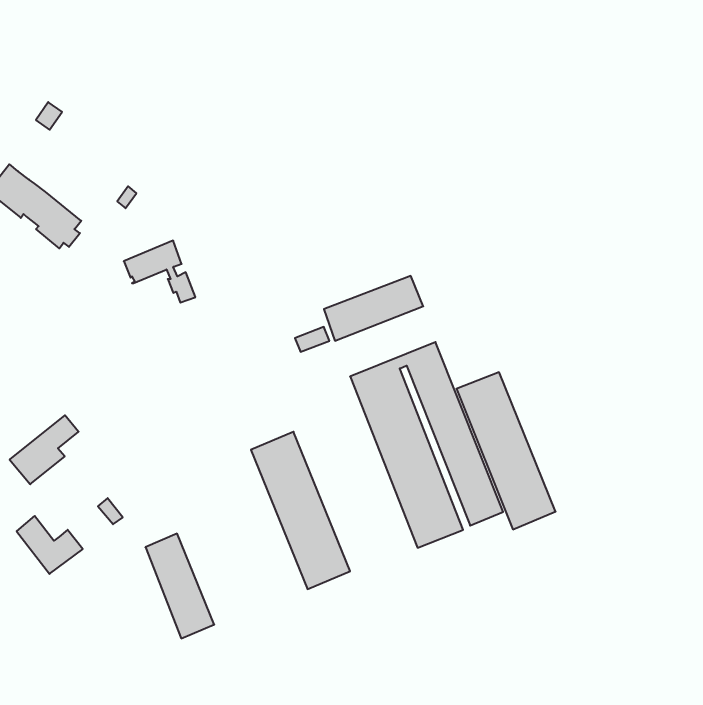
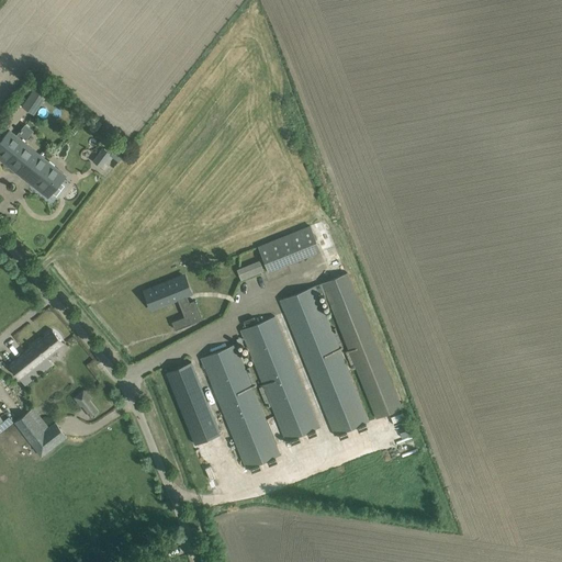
building: [124,241,195,303] -> [144,274,201,324]
building: [456,372,556,529] -> [239,316,318,441]
building: [145,534,214,638] -> [165,361,220,445]

